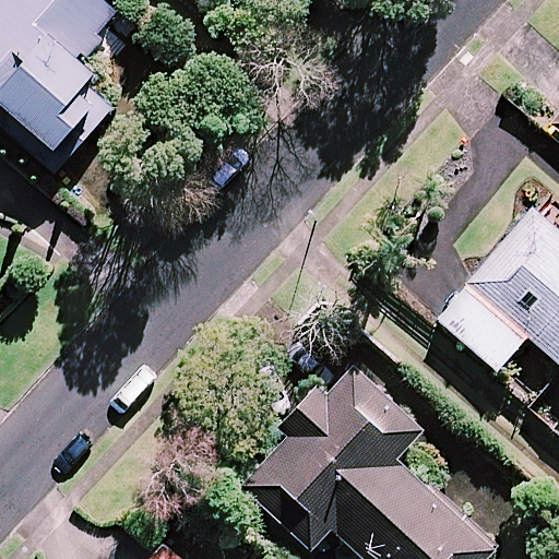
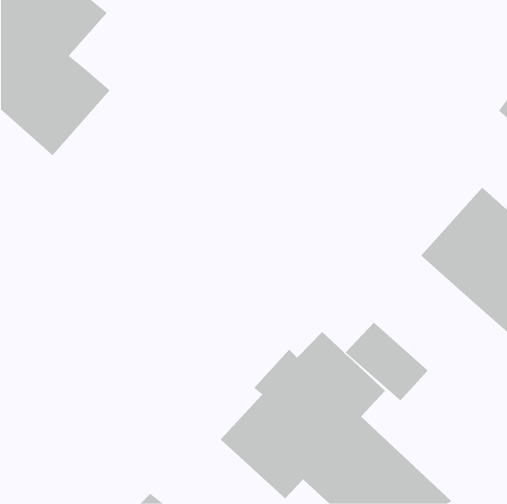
building: [433,283,525,370] -> [345,322,428,401]

